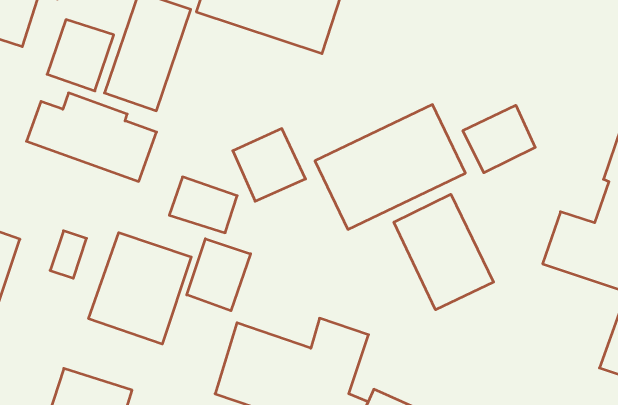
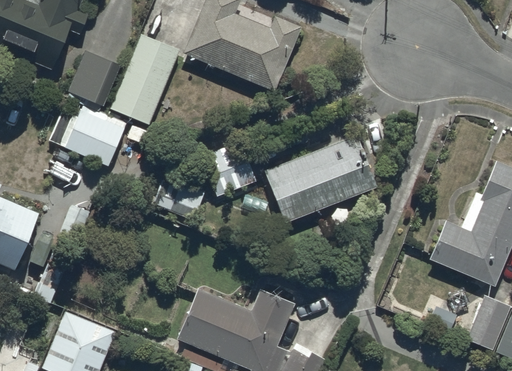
building: [463,105,535,173] -> none
building: [394,194,494,310] -> none
building: [89,233,191,344] -> none
building: [187,239,251,311] -> none

